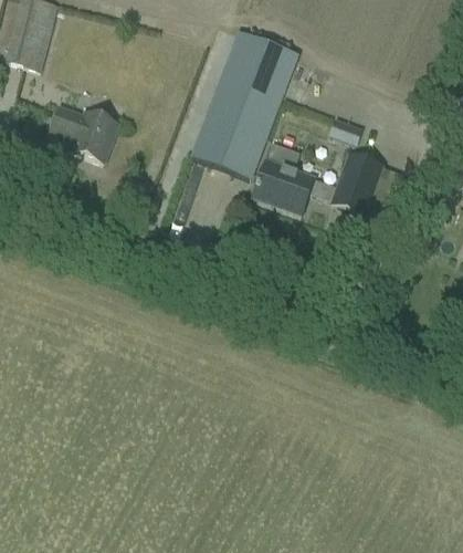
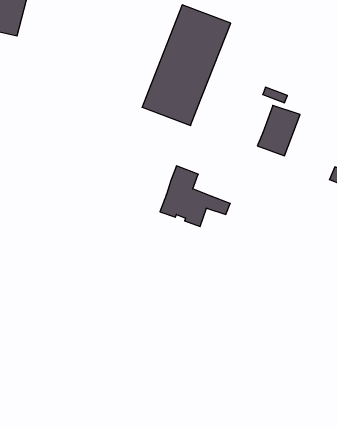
building: [49,105,117,161] -> none
building: [252,140,337,213] -> [160,166,230,226]

